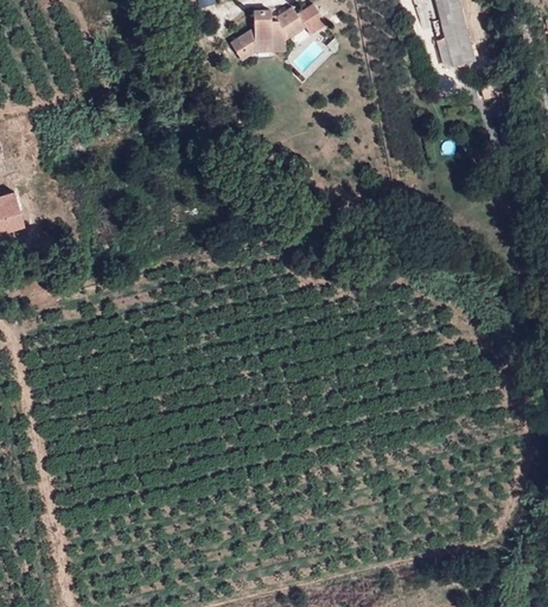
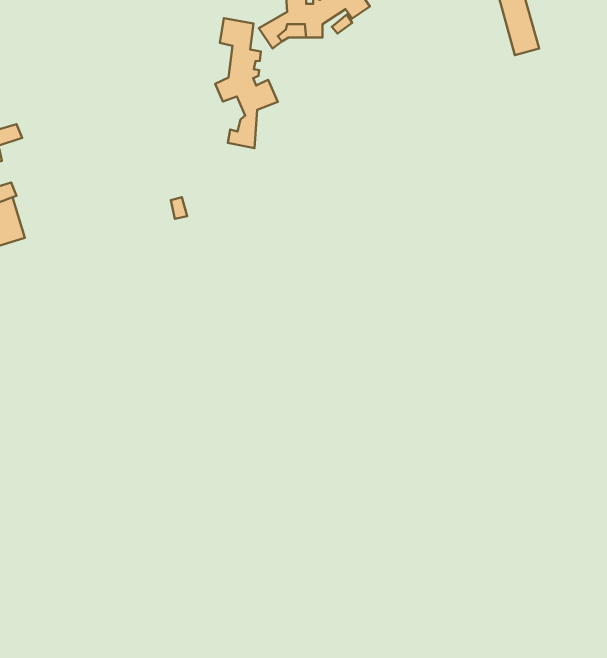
building: none -> [215,18,278,148]

